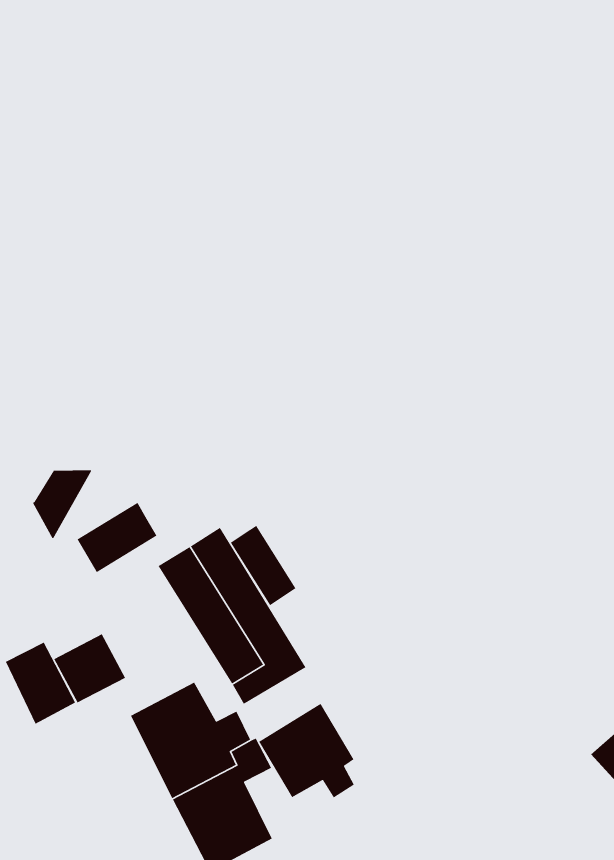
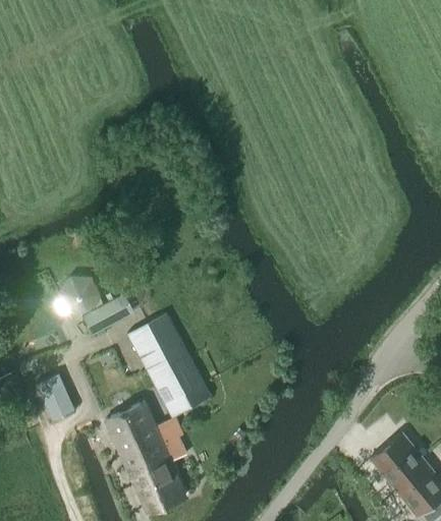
building: [230,525,296,606] -> none
building: [53,633,126,704] -> none
building: [258,703,355,798] -> none

